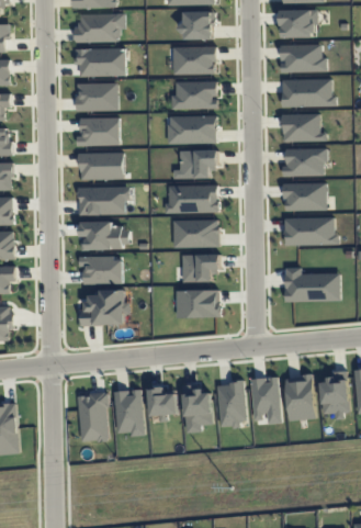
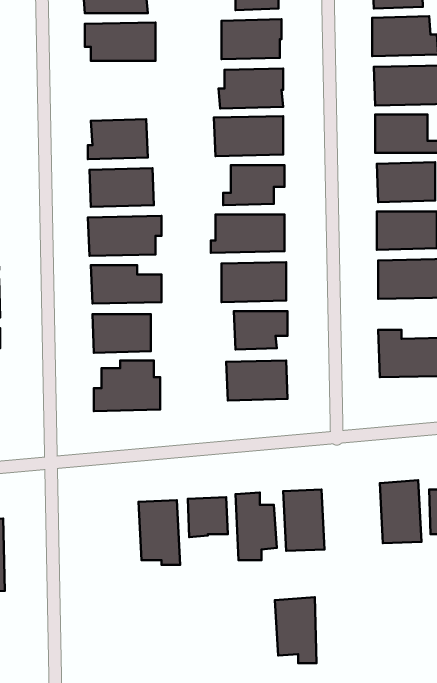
building: [76,82,117,111] -> none
building: [250,377,280,424] -> [275,597,316,663]
building: [77,393,108,442] -> none

